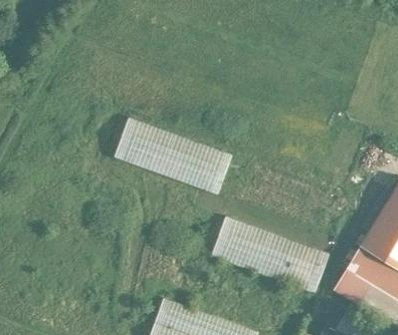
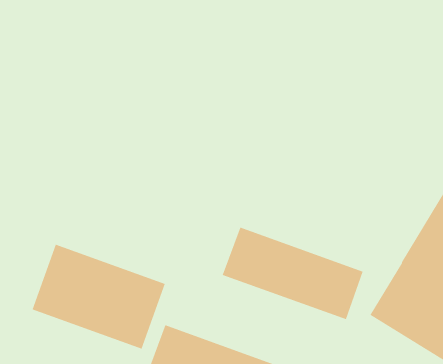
building: [115,116,232,195] -> none
building: none -> [32,244,166,350]

